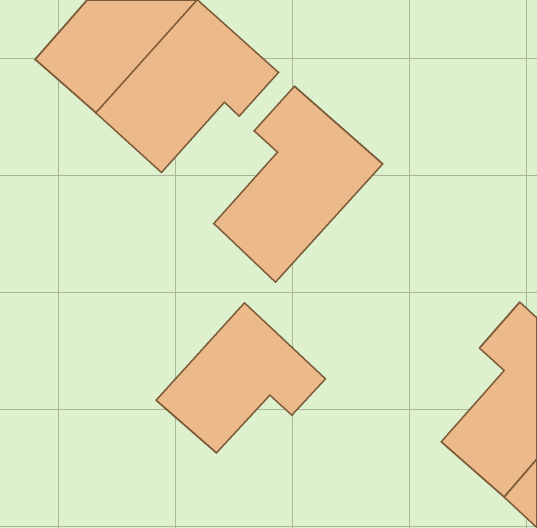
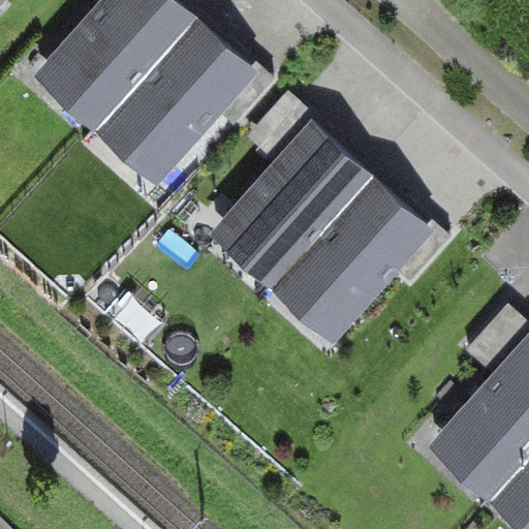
building: none -> [268,175,450,346]
building: [156,303,325,453] -> none

